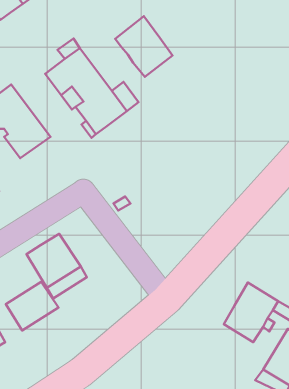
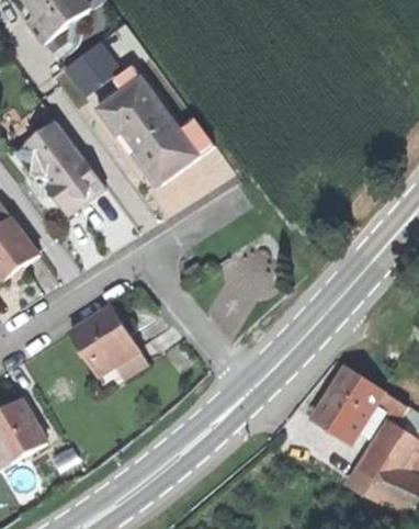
building: none -> [59,33,118,89]
building: [115,16,173,77] -> none
building: [6,282,58,331] -> none

